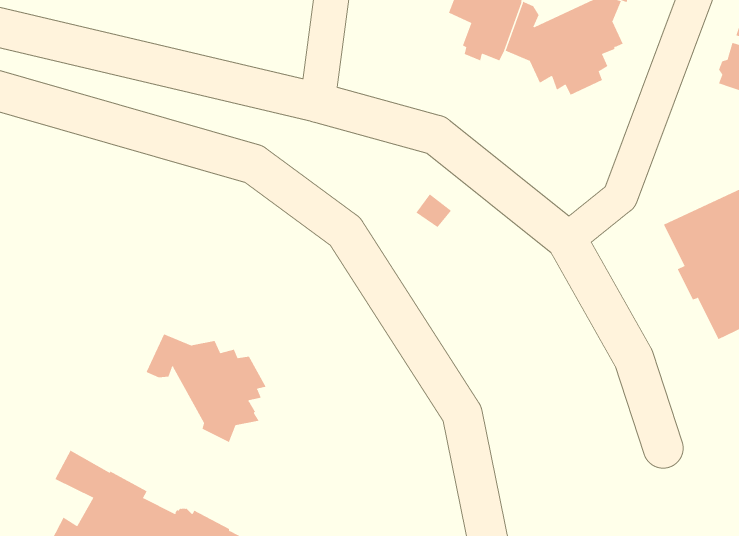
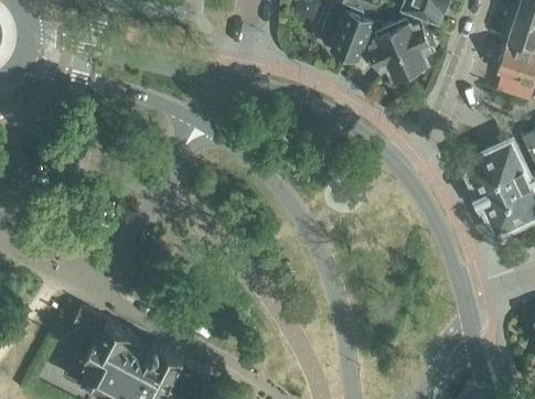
building: [145,333,266,443] -> none

